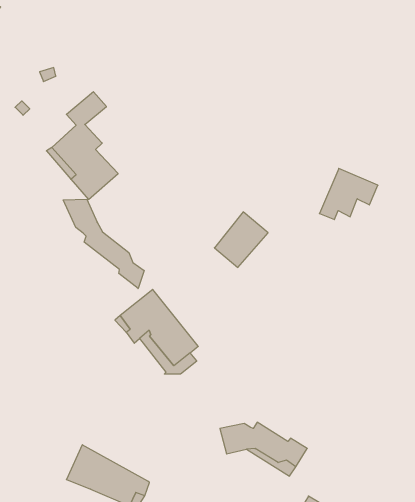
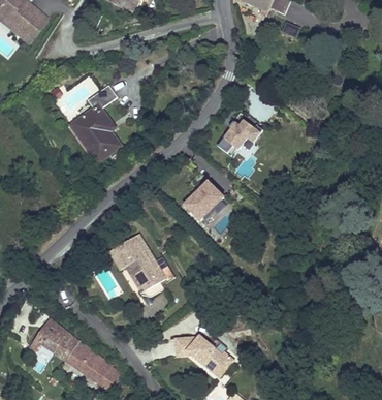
building: [319,168,378,220] -> [218,120,261,156]
building: [63,199,144,289] -> none
building: none -> [28,309,77,361]

